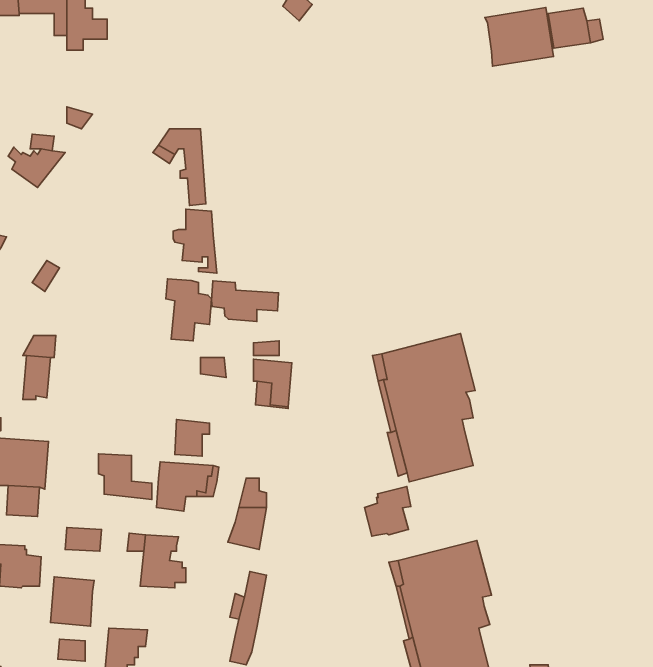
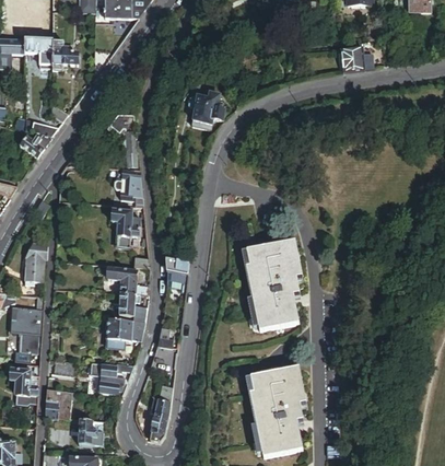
building: [485,8,554,66] -> none
building: none -> [192,93,224,128]
building: [211,281,279,322] -> none
building: [99,454,152,500] -> [115,270,147,298]
building: [365,486,411,536] -> none

